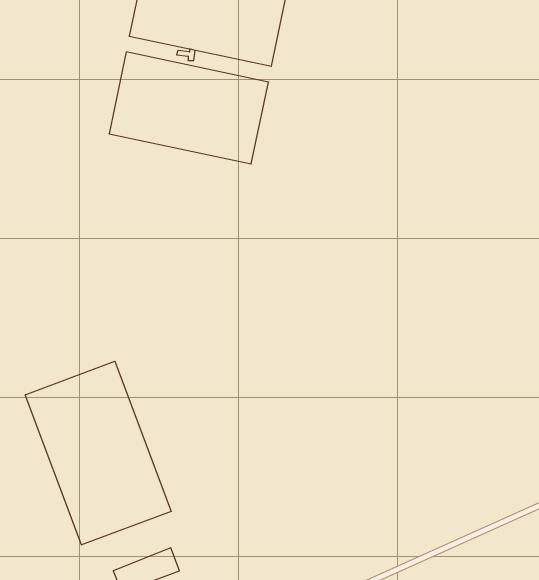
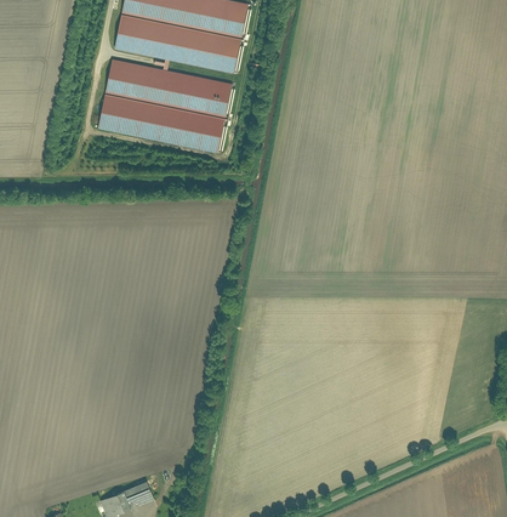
building: [25,361,171,545] -> none

